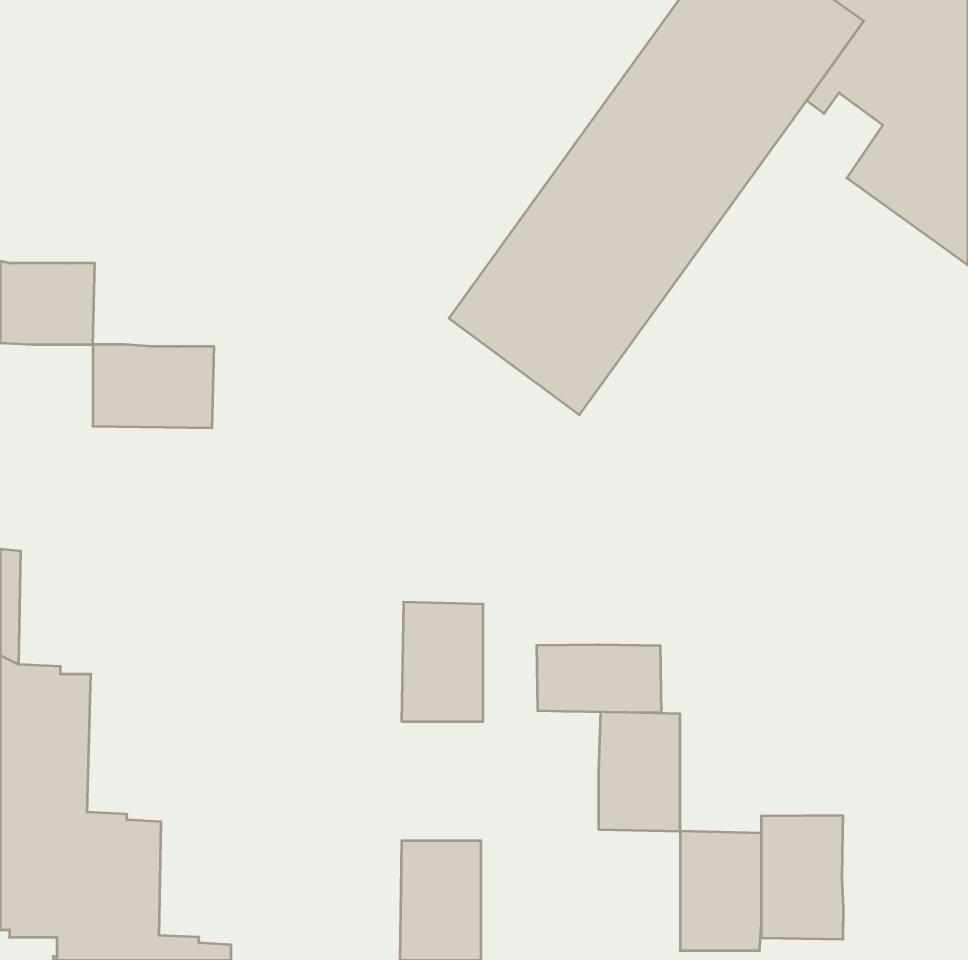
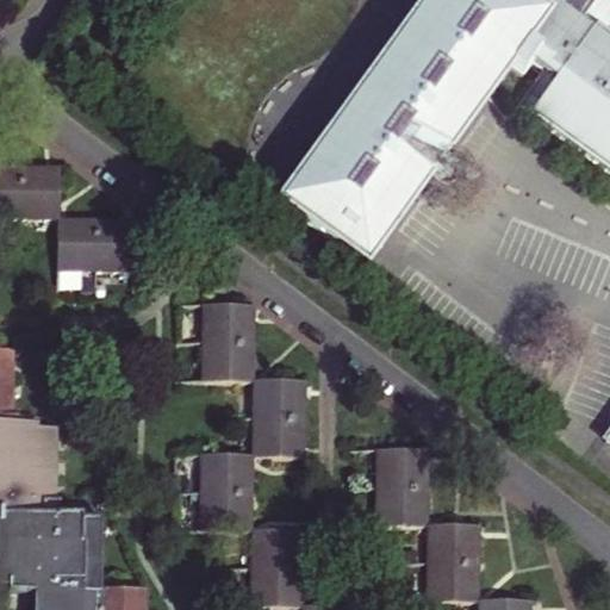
building: none -> [201,303,255,379]
building: [537,645,661,713] -> none
building: none -> [200,454,253,529]
building: [762,815,843,939] -> none

